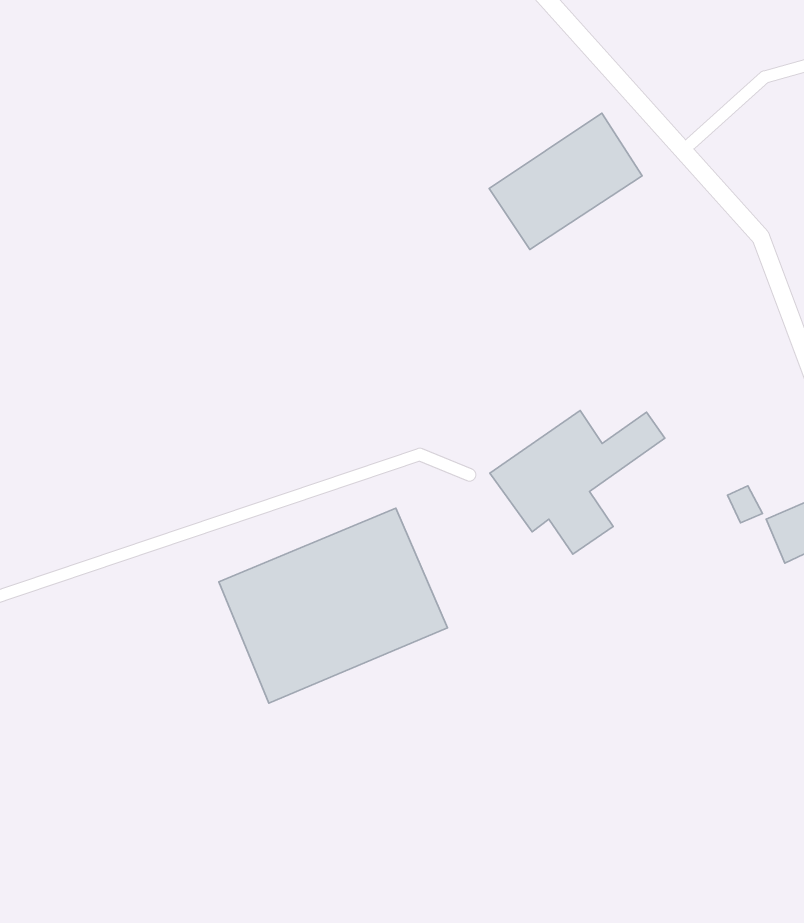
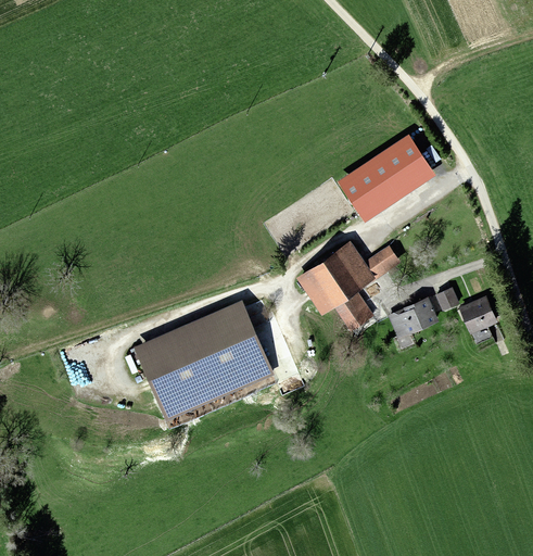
building: [489,113,642,249] -> [341,136,431,216]
building: none -> [390,301,435,339]

